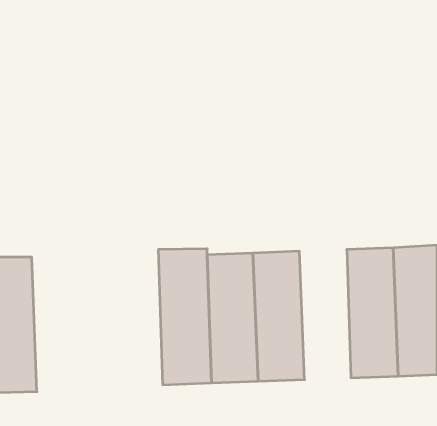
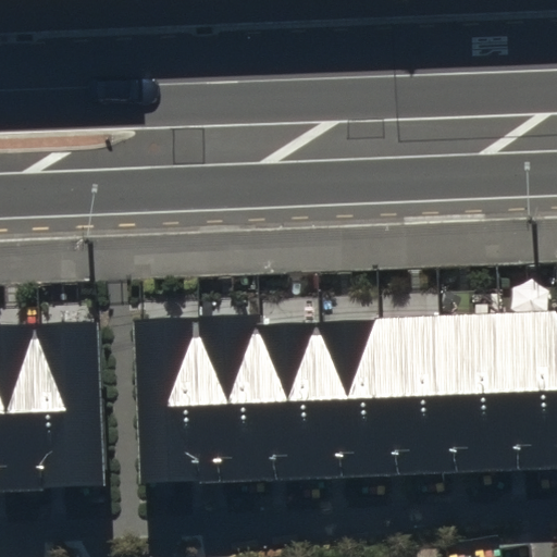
building: none -> [141,315,206,488]
building: none -> [379,315,444,480]
building: none -> [40,323,104,495]

